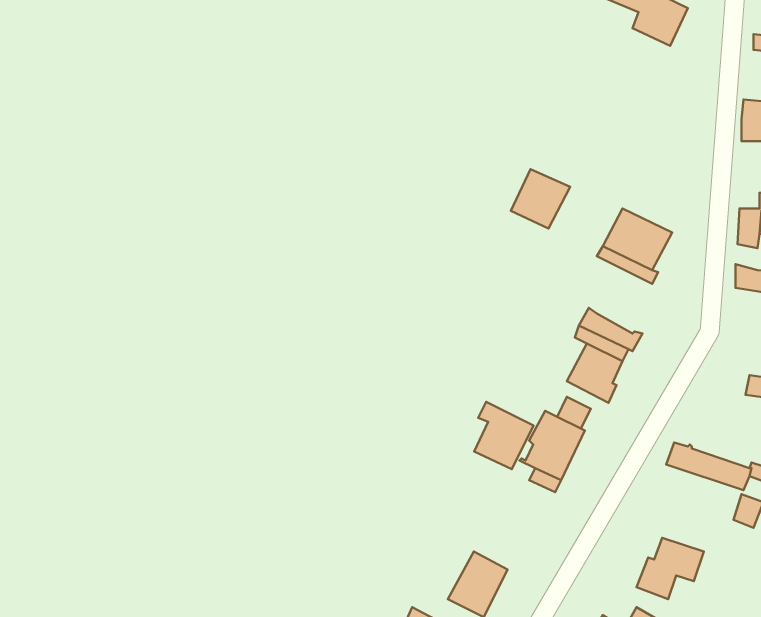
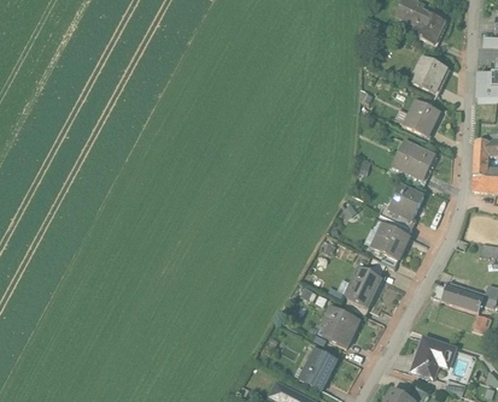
building: none -> [411,55,446,91]
building: [511,169,570,229] -> [404,99,440,135]
building: none -> [389,184,422,217]
building: [474,402,534,469] -> [323,305,359,345]

